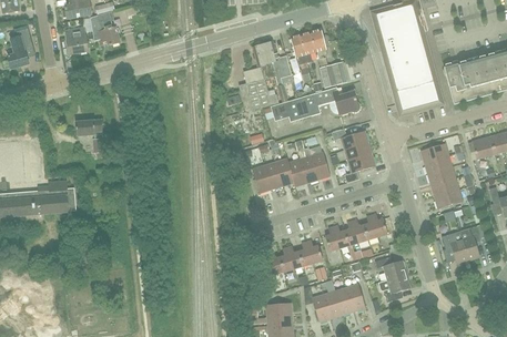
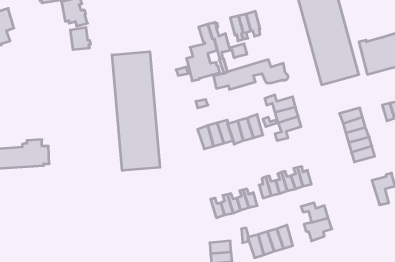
building: [65,27,90,53] -> [70,27,91,50]
building: [318,61,347,88] -> none
building: none -> [112,52,160,171]
building: [75,120,108,157] -> none
building: [442,229,468,265] -> none

